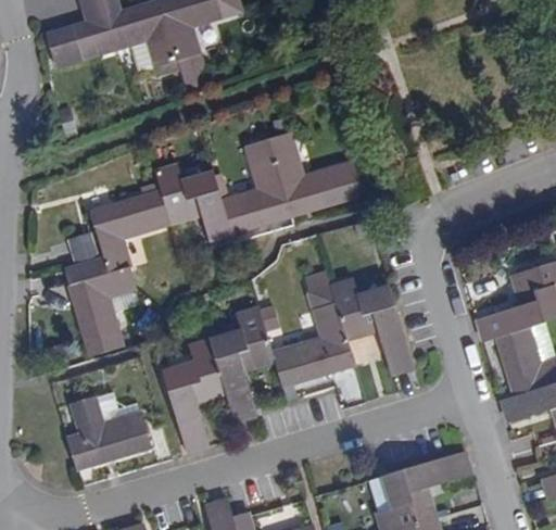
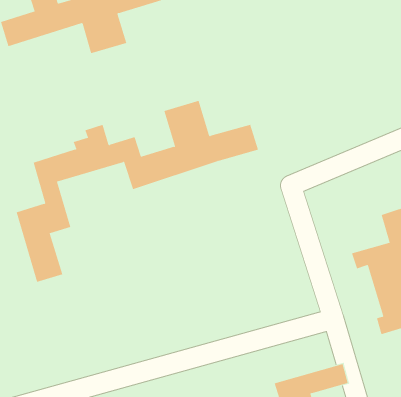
building: [161,280,412,450] -> none
building: [66,389,152,466] -> none

